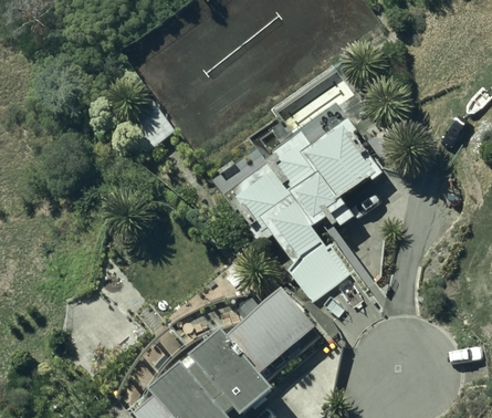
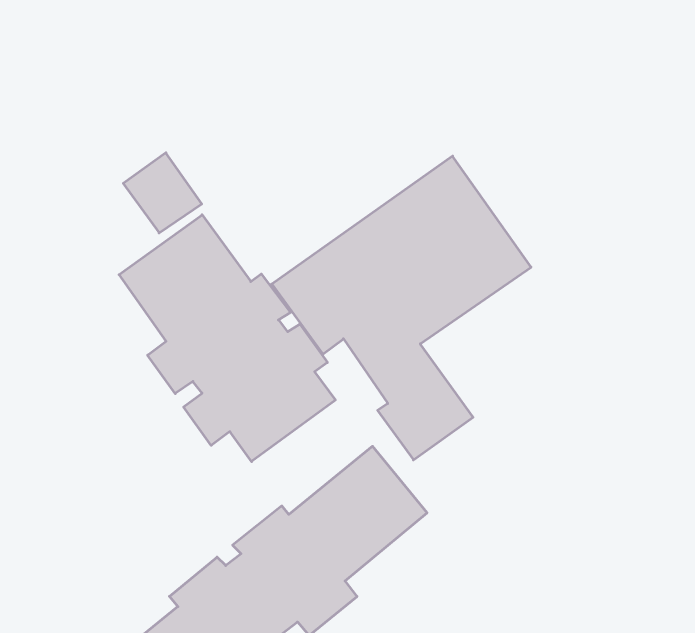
building: none -> [119,215,335,462]

